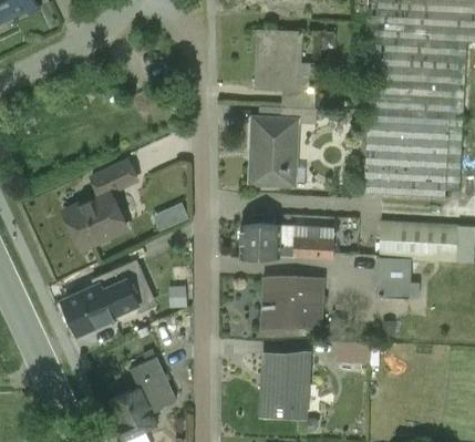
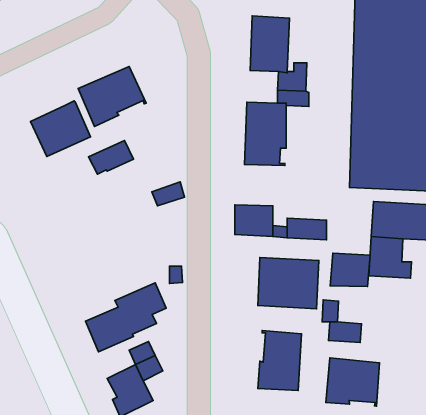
building: none -> [78,66,146,127]
building: [66,189,127,246] -> [30,101,90,157]
building: [66,261,148,331] -> [85,283,166,352]
building: none -> [330,253,370,287]
building: none -> [326,358,379,406]

